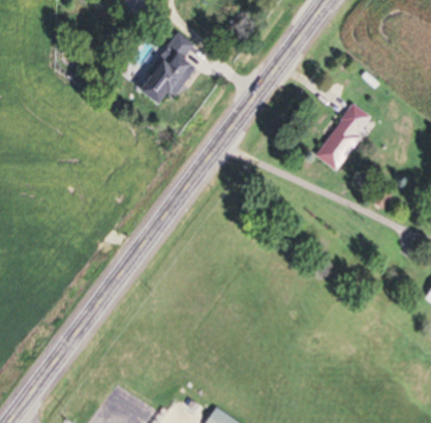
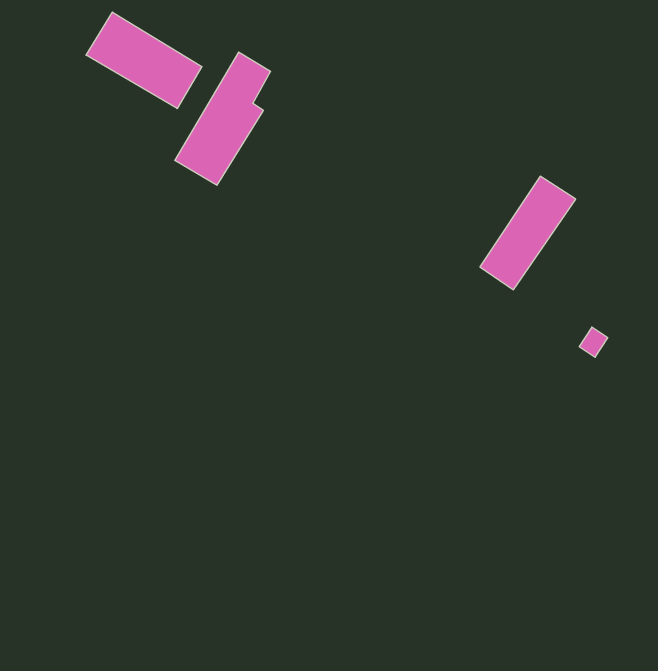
building: none -> [86,12,202,109]

